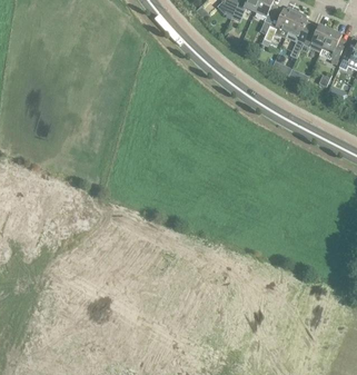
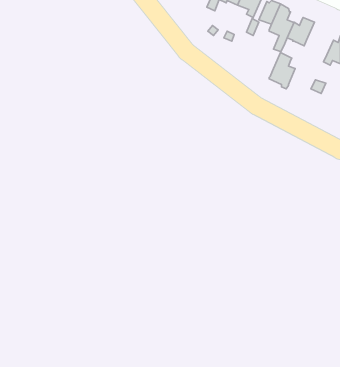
building: [318,27,344,62] -> [269,53,295,89]

